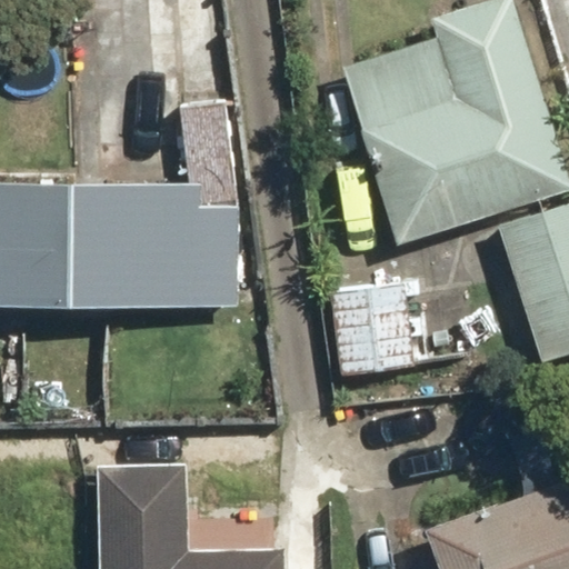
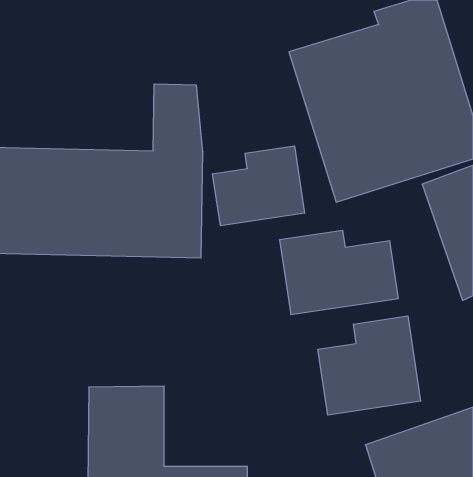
building: none -> [213,146,304,226]
building: none -> [318,316,420,415]

